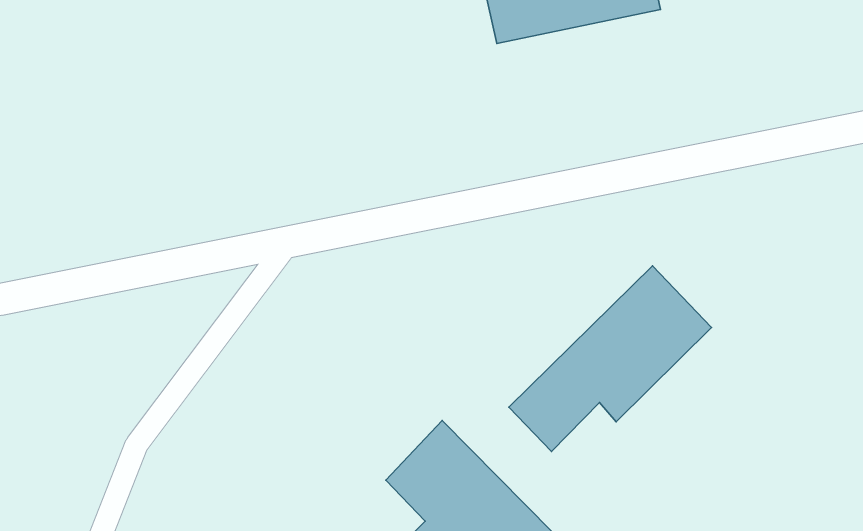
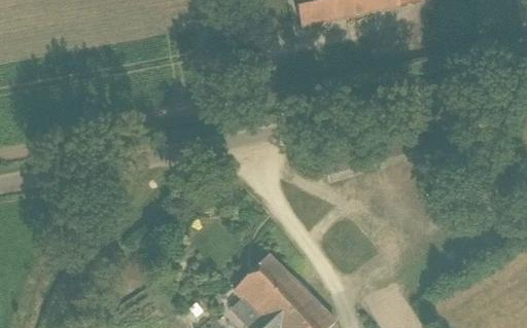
building: [509,266,711,452] -> none

